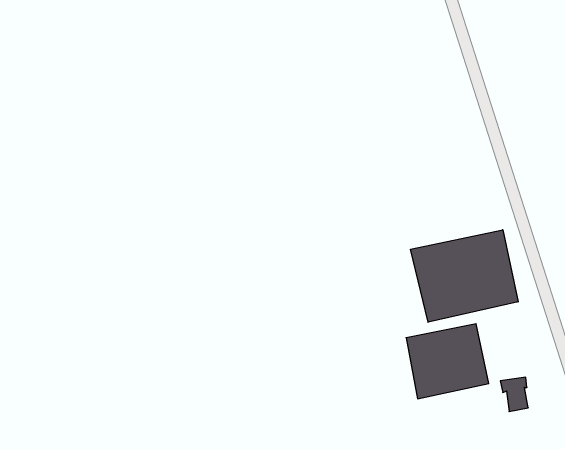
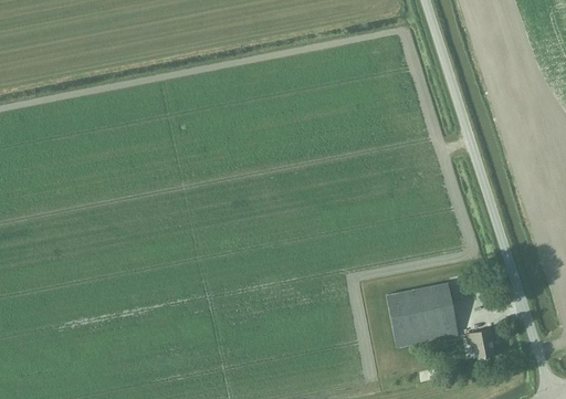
building: [411,230,518,322] -> none

